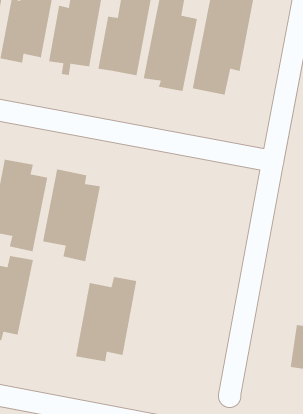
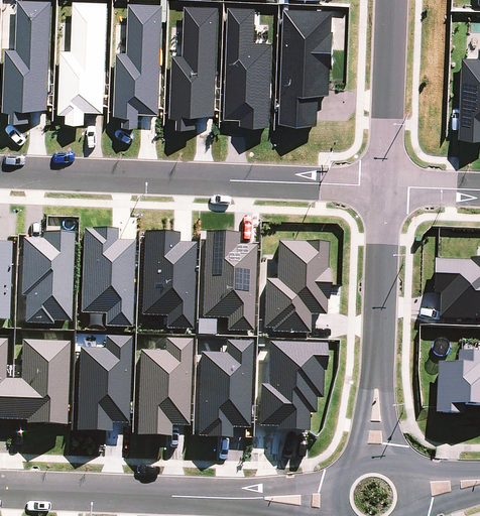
building: none -> [196,231,255,332]
building: none -> [260,240,327,332]
building: none -> [133,338,191,436]
building: none -> [254,339,324,432]

